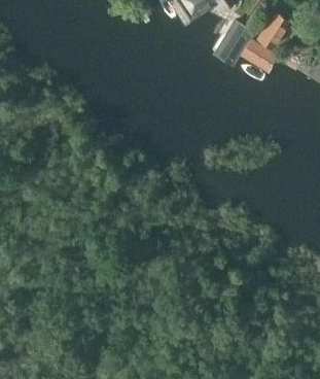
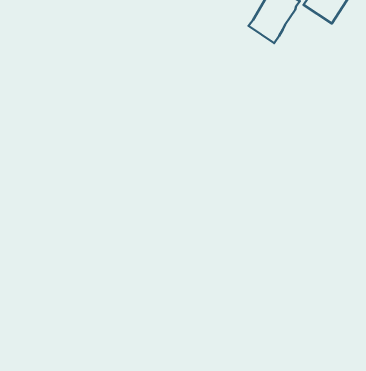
building: [239,42,276,74] -> none

